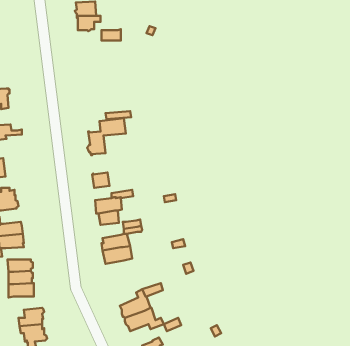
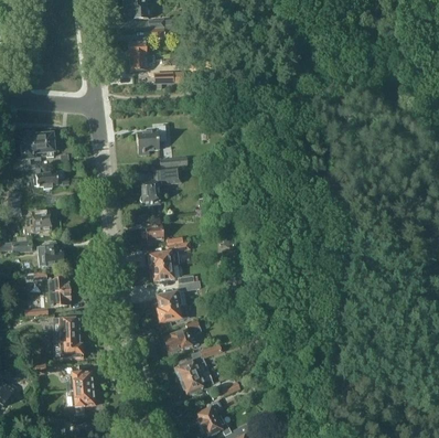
building: none -> [136,126,165,154]
building: none -> [162,319,201,351]

